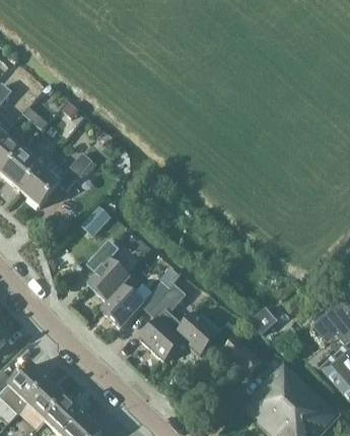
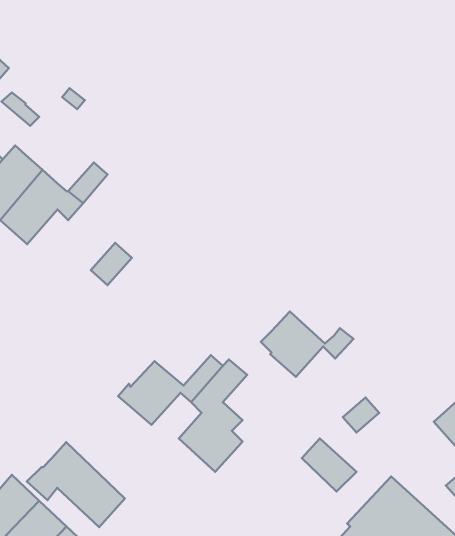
building: [86,240,131,302] -> none
building: [176,311,237,355] -> [261,312,354,377]
building: none -> [27,442,125,527]

